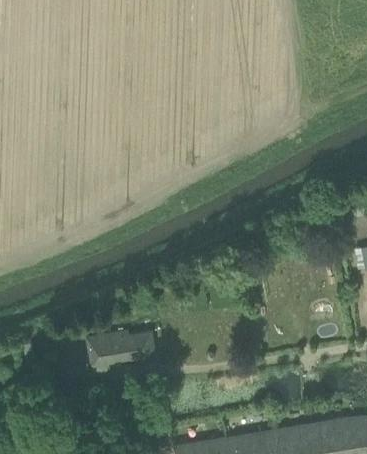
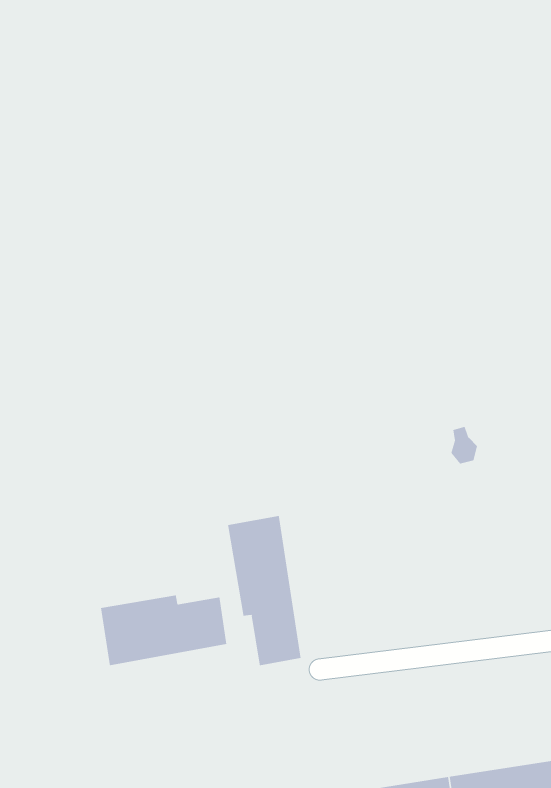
building: none -> [228,515,301,666]

